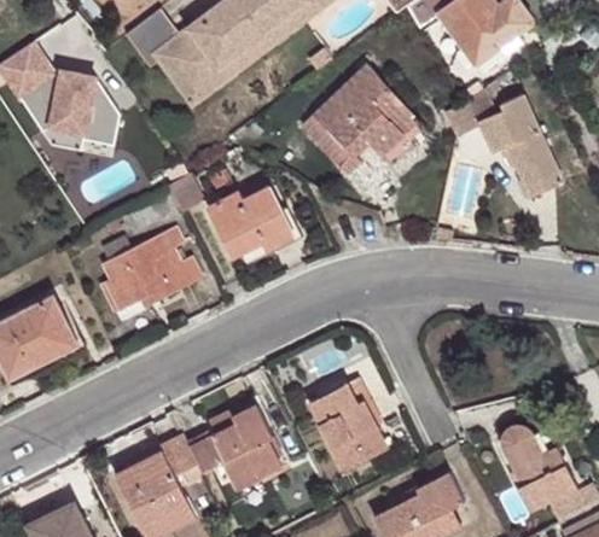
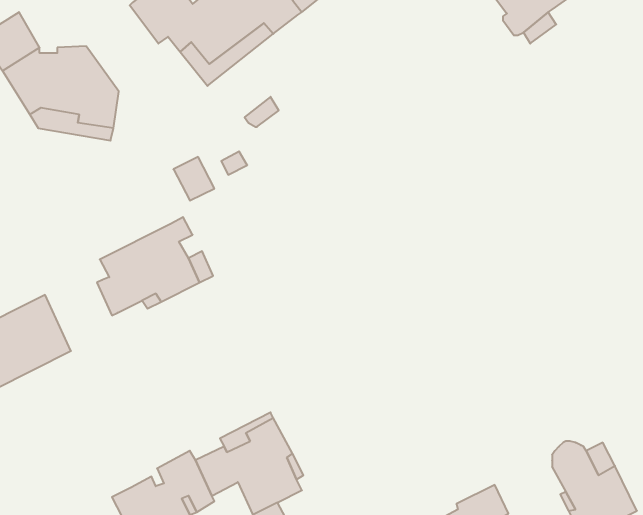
building: [301,64,424,174] -> none
building: [443,80,562,197] -> none
building: [205,181,291,256] -> none
building: [308,384,386,469] -> none

